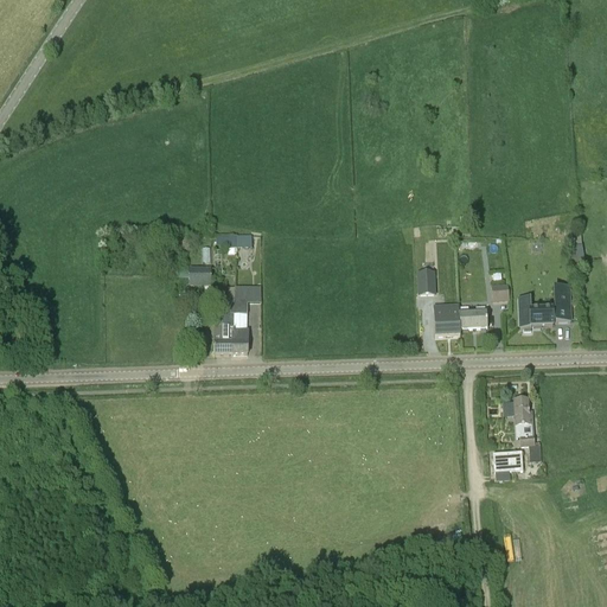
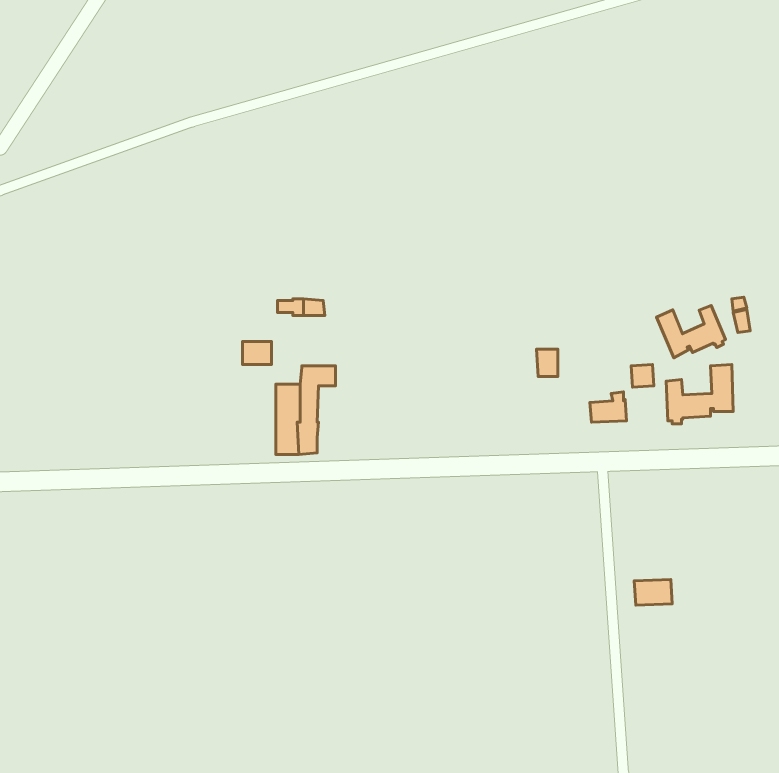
building: none -> [656,305,726,358]
building: [433,304,460,336] -> none
building: [513,397,542,461] -> none

